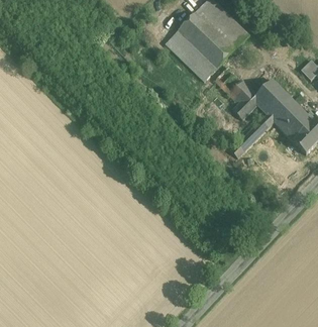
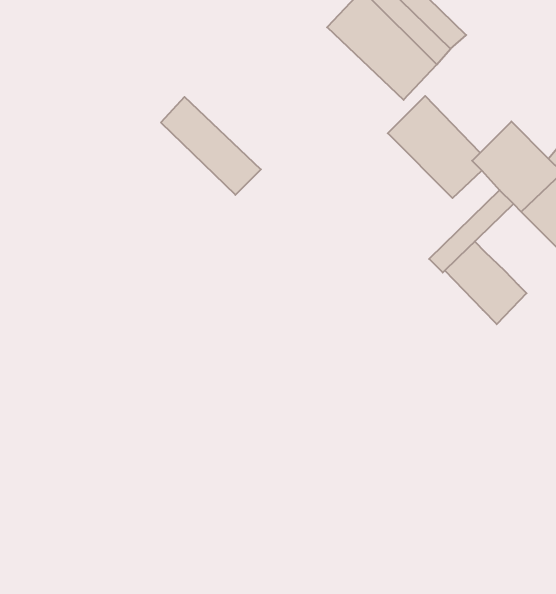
building: [166,30,217,81] -> [161,97,261,195]
building: none -> [445,241,527,324]

